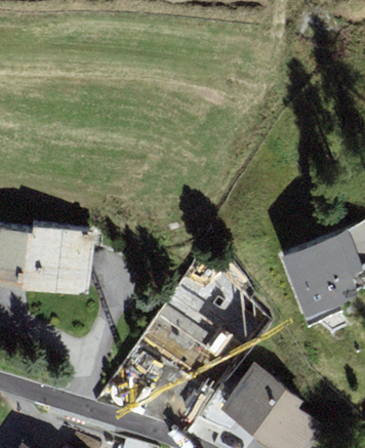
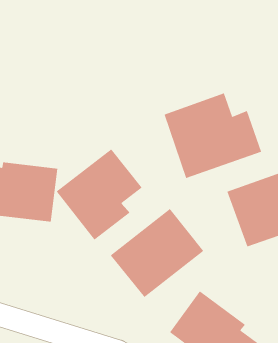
building: none -> [164,92,262,179]
building: none -> [56,149,142,241]

